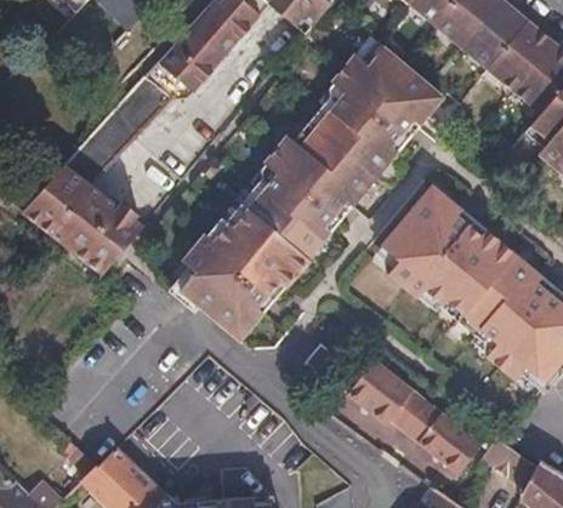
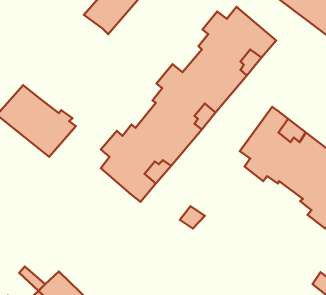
building: [63,62,182,188] -> none
building: [345,358,482,474] -> none

